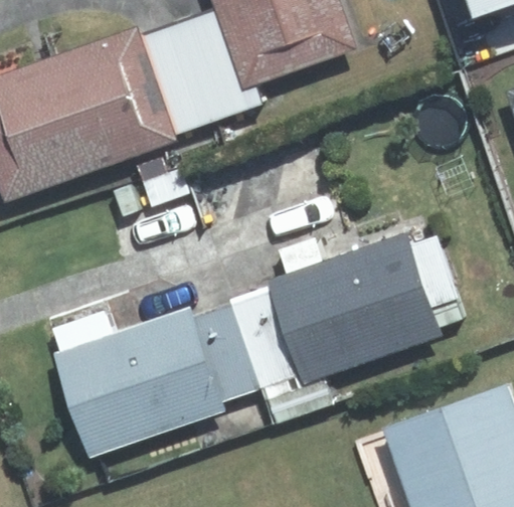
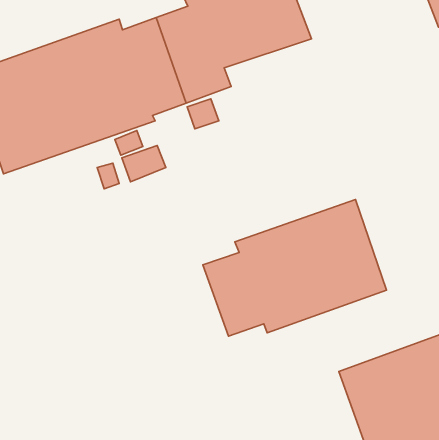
building: [55,305,262,458] -> none

